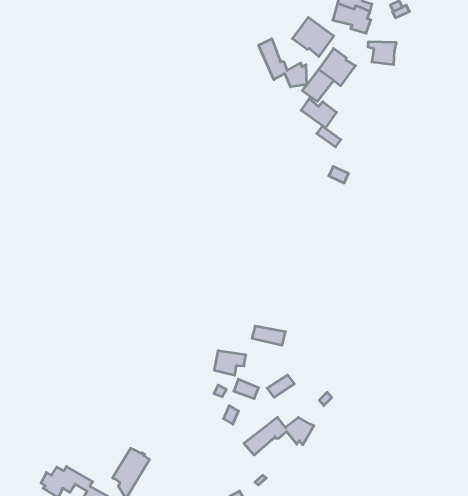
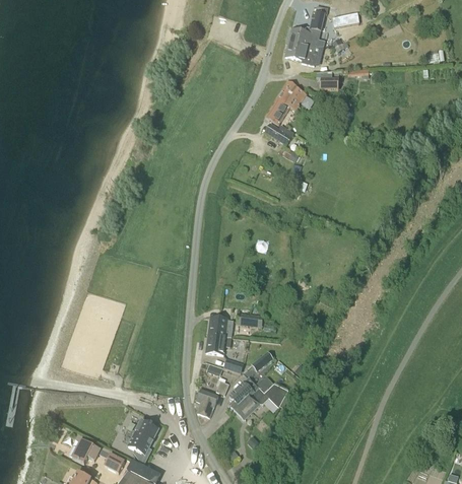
building: [292,17,334,57] -> none
building: [259,39,307,87] -> none
building: none -> [208,316,234,337]
building: none -> [229,376,278,410]
building: none -> [196,388,218,416]

